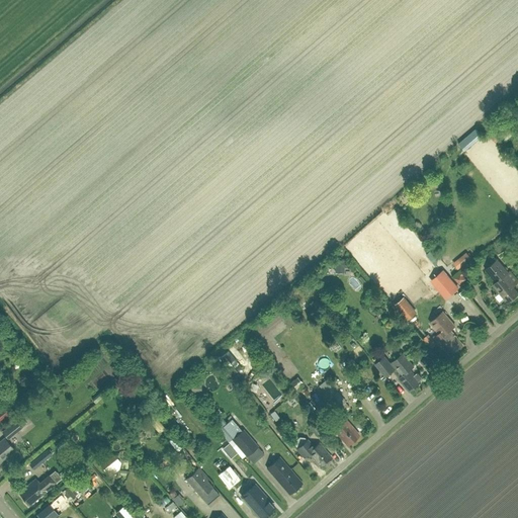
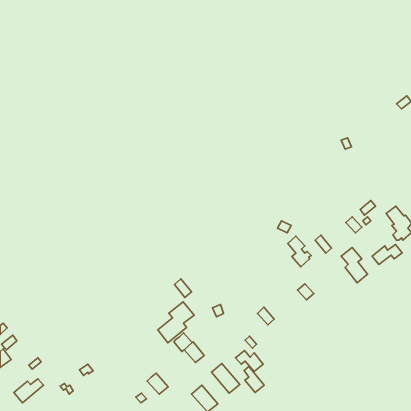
building: none -> [372,244,402,265]
building: [393,354,422,393] -> [288,236,311,267]
building: none -> [158,302,194,343]
building: [334,414,359,446] -> [244,367,264,392]

